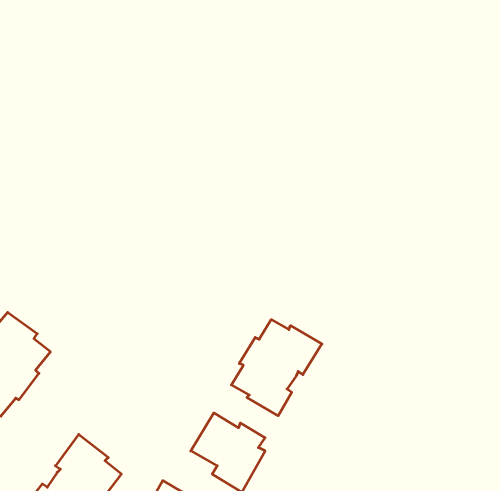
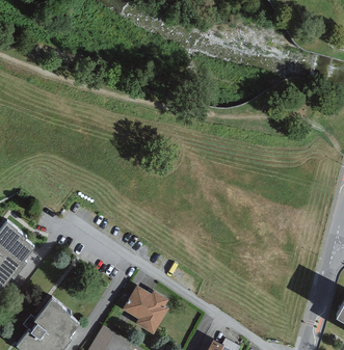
building: [231,320,322,416] -> none

